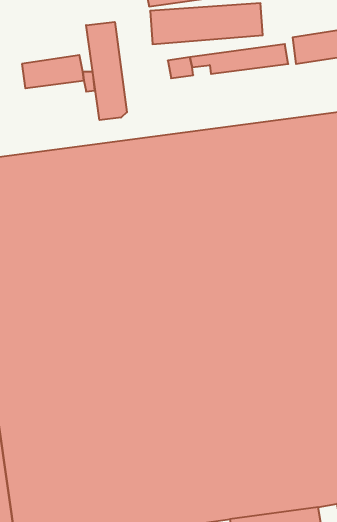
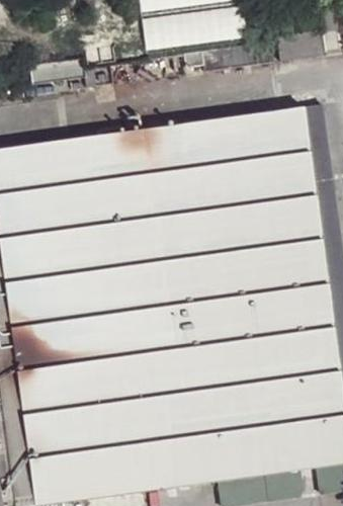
building: [86,22,127,120] -> none

